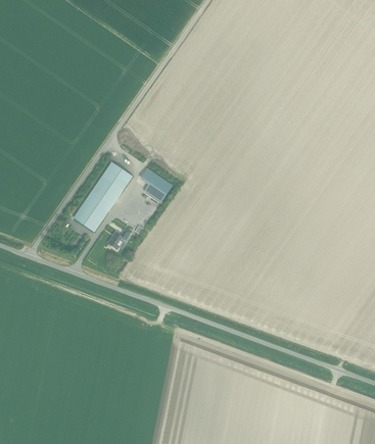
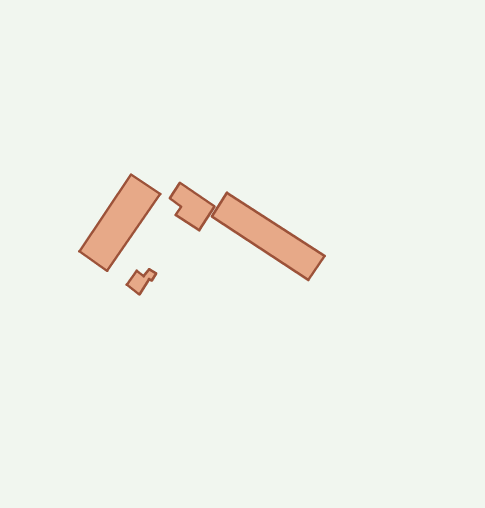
building: none -> [212,193,325,280]

